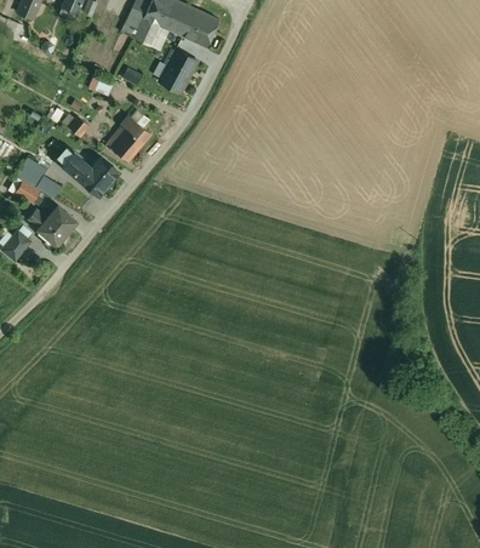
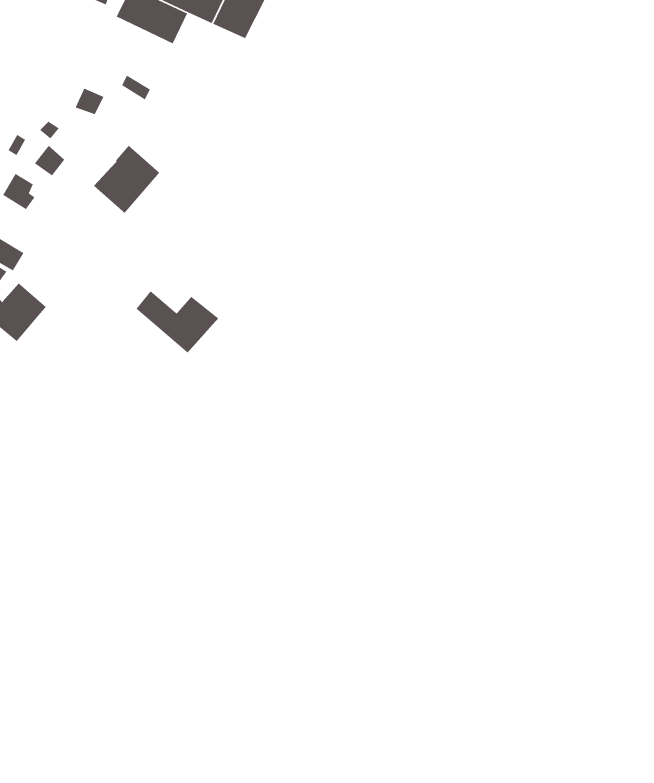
building: [159,50,196,93] -> none
building: [63,154,118,195] -> [136,290,219,353]

